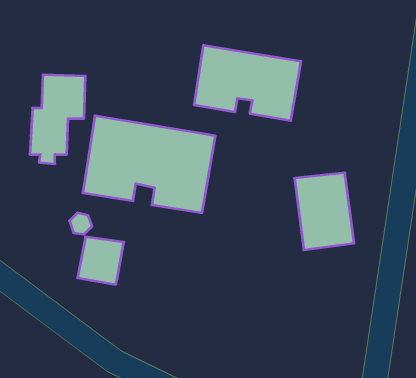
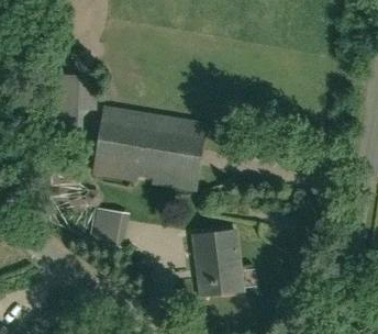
building: [194,45,301,121] -> none
building: [294,173,354,250] -> [191,232,241,296]

